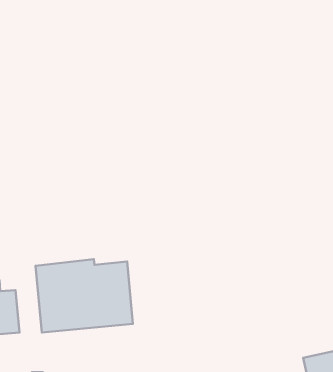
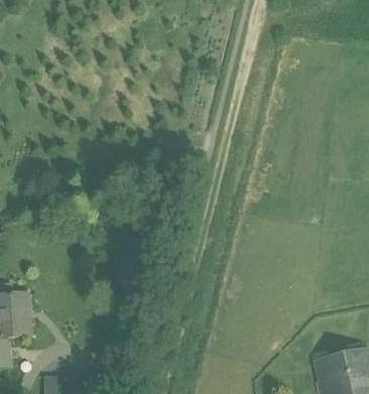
building: [35,259,133,333] -> none

